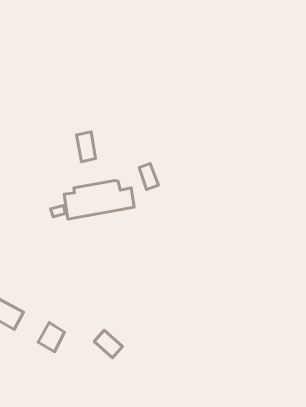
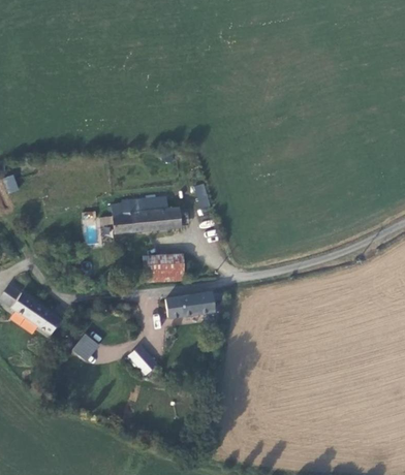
building: [77,132,96,162] -> none
building: none -> [146,253,184,281]
building: none -> [166,293,215,318]

